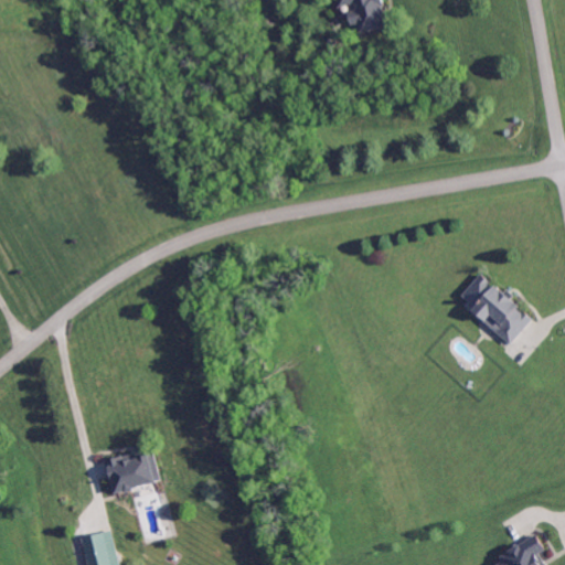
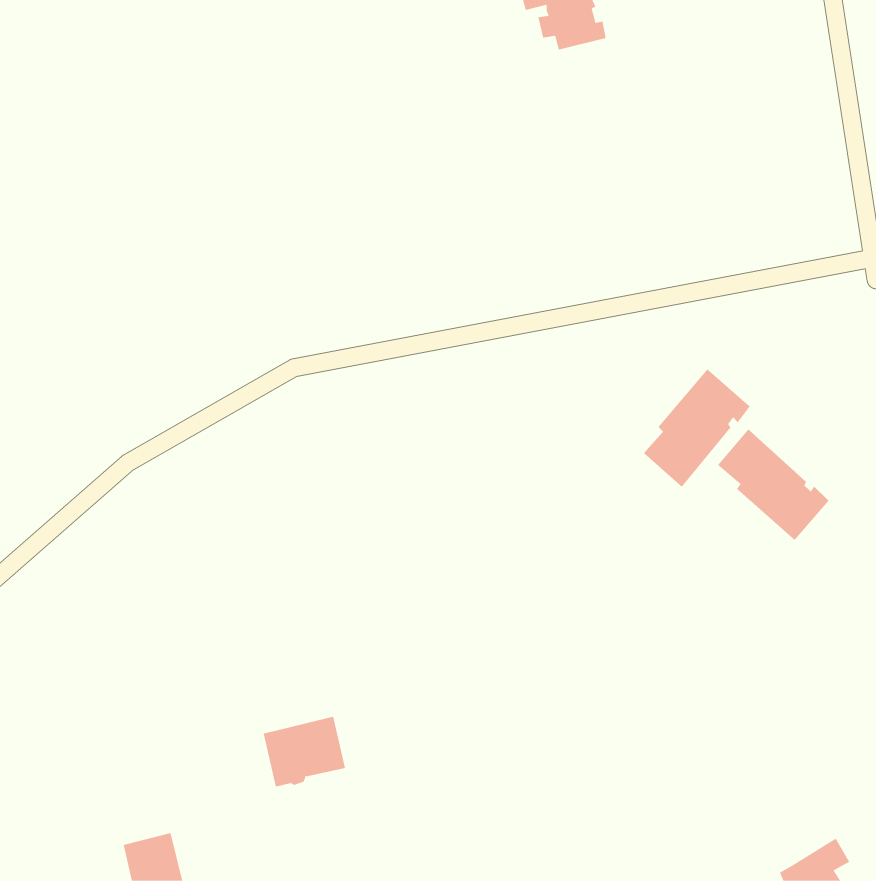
building: none -> [643,369,751,487]
building: [105,449,158,494] -> [263,716,346,787]

